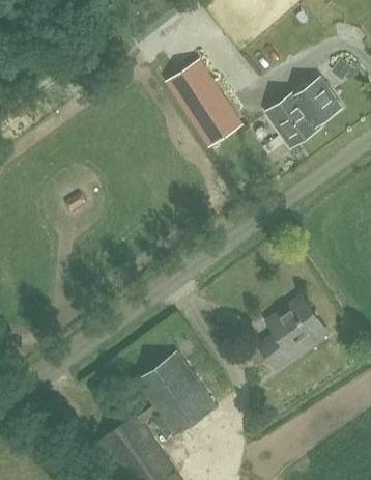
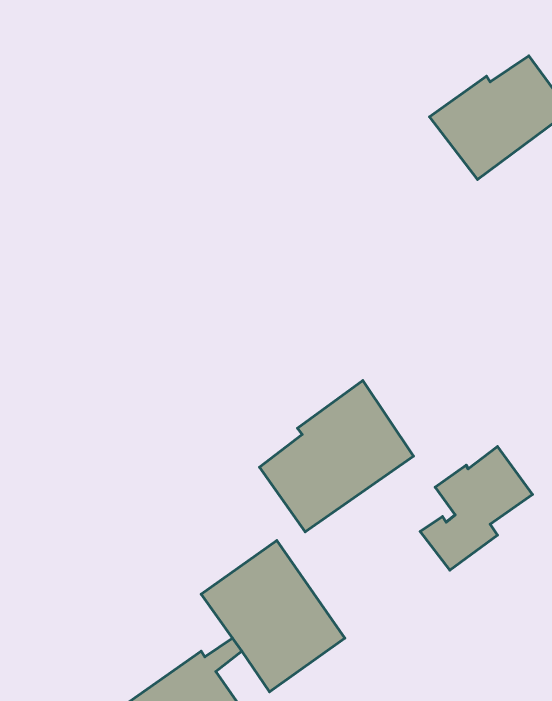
building: [165,59,242,147] -> none
building: none -> [260,381,414,532]

